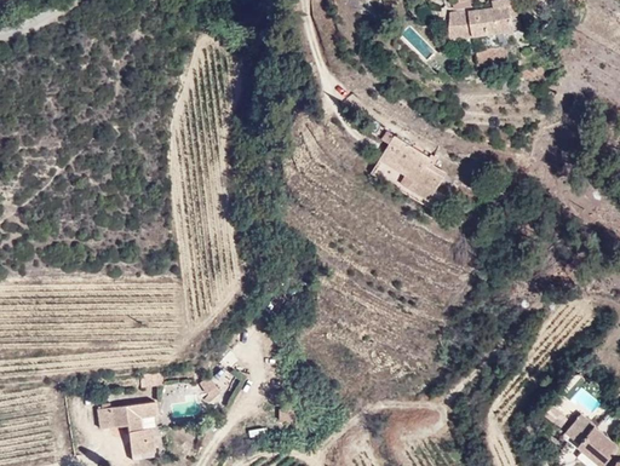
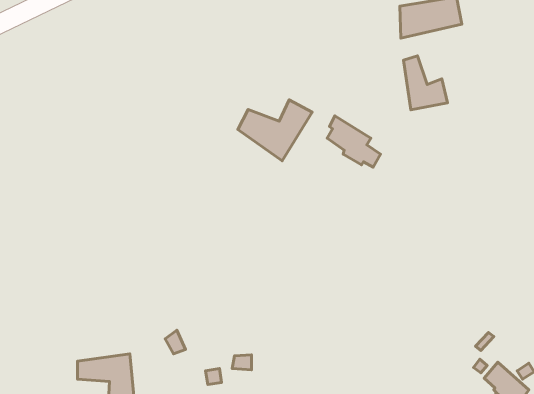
building: none -> [403,56,448,110]
building: none -> [238,100,312,161]

